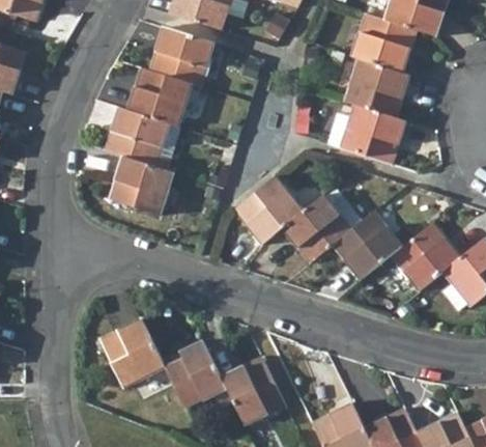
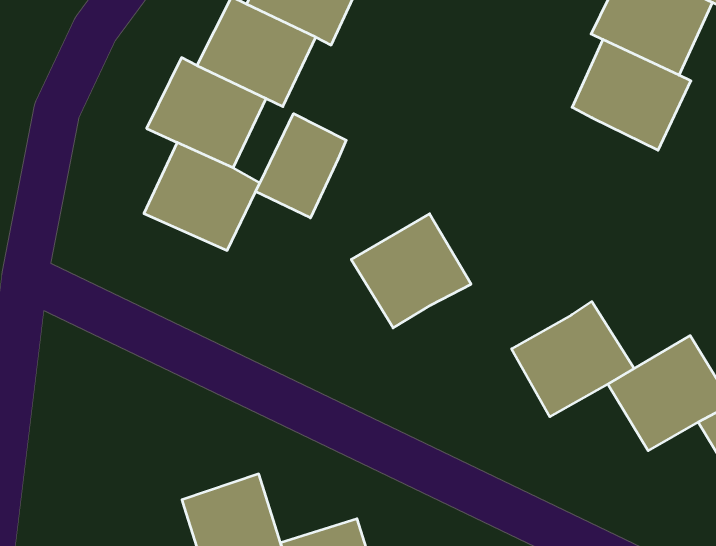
building: [332,106,409,167] -> none
building: none -> [256,114,346,218]
building: [284,185,365,262] -> none
building: [99,319,162,387] -> none

